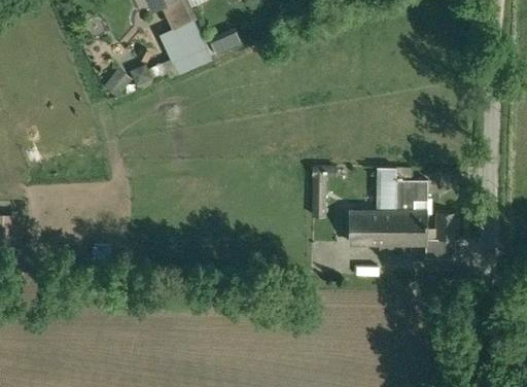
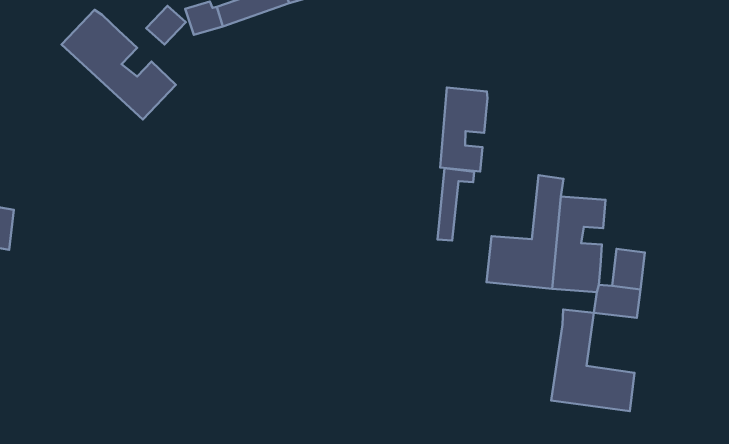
building: none -> [61,10,176,120]
building: none -> [440,88,487,172]
building: none -> [551,310,635,411]

